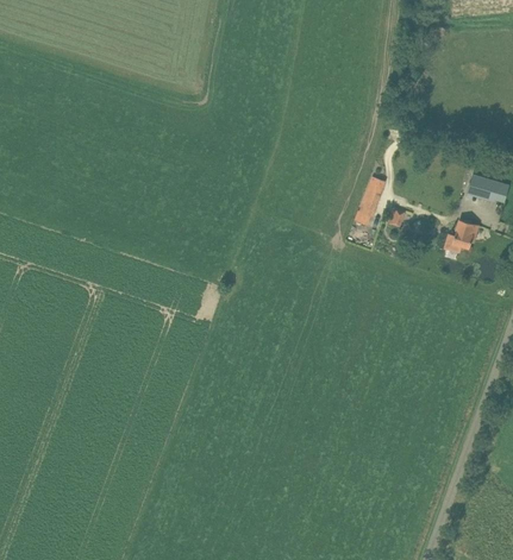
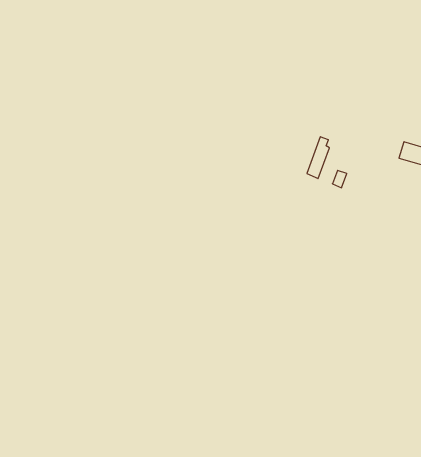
building: [443,220,477,252] -> none

